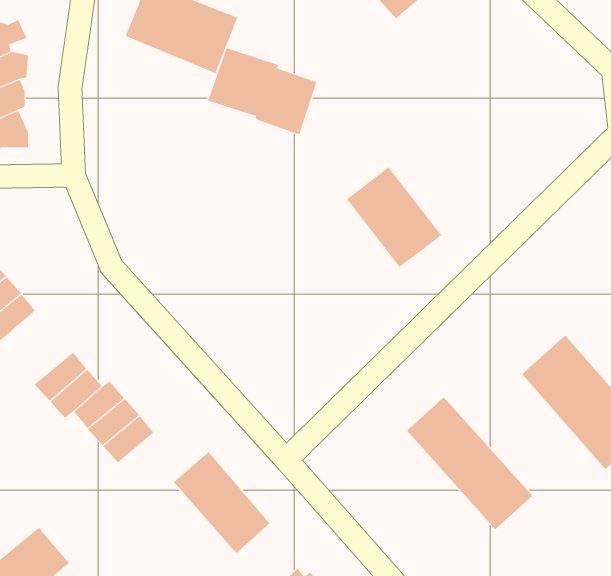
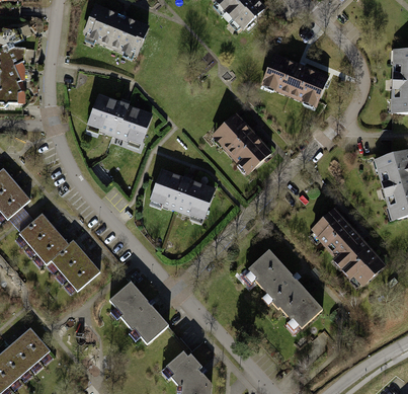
building: [207,48,317,135] -> [85,92,150,144]
building: none -> [260,55,327,106]
building: none -> [146,168,212,218]
building: none -> [18,214,51,243]

